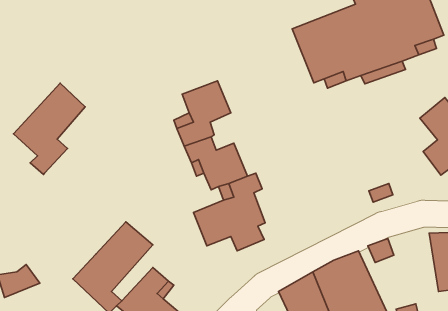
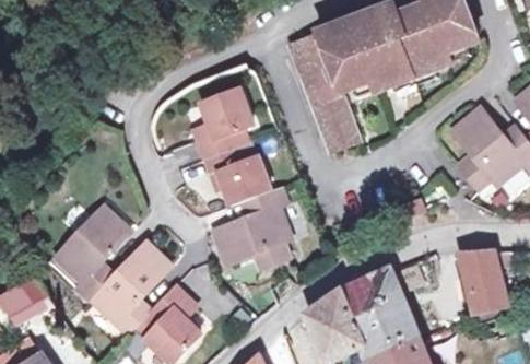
building: none -> [292,35,358,152]
building: [13,83,85,174] -> [55,203,130,300]

